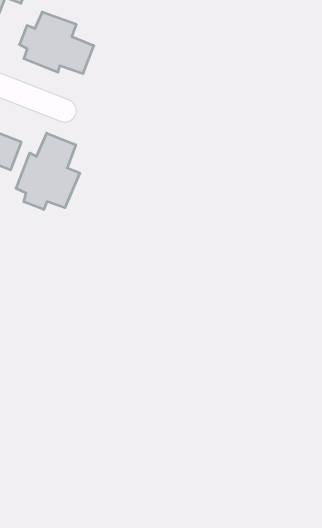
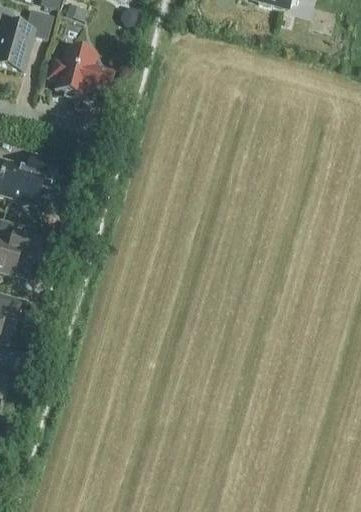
building: [16,133,80,210] -> none

